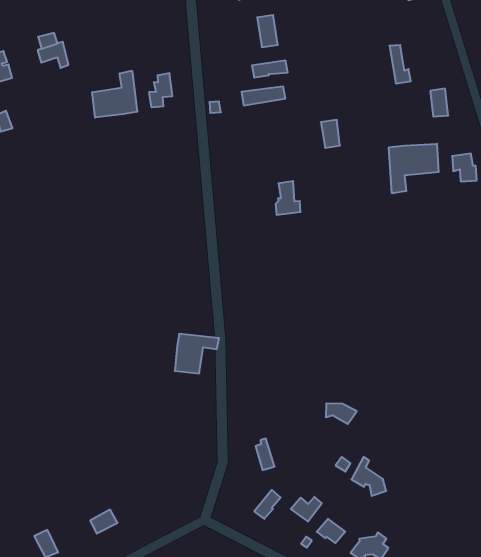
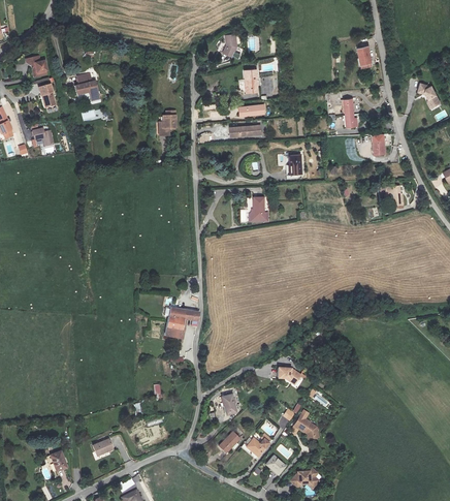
building: [92,71,137,118] -> none
building: [389,144,439,193] -> none

